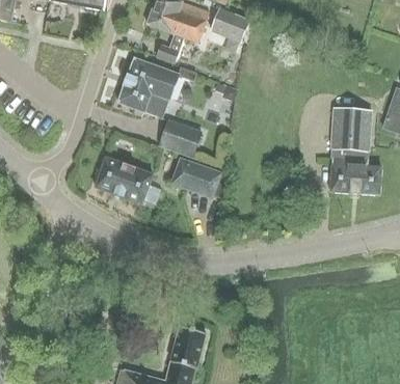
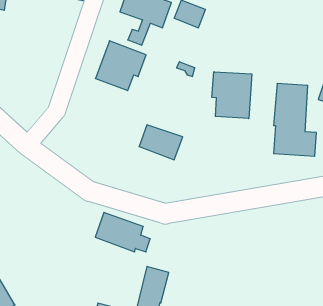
building: none -> [212,72,252,119]
building: [159,119,201,156] -> none
building: [95,157,160,203] -> [95,213,150,252]

